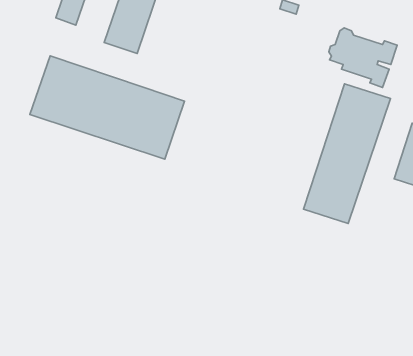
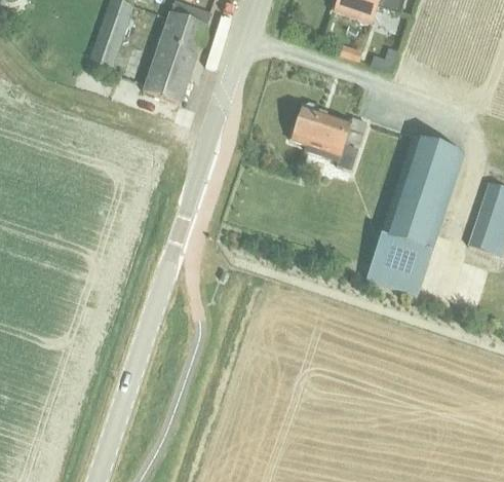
building: [329,28,397,87] -> [290,102,367,169]
building: [30,56,184,159] -> none

